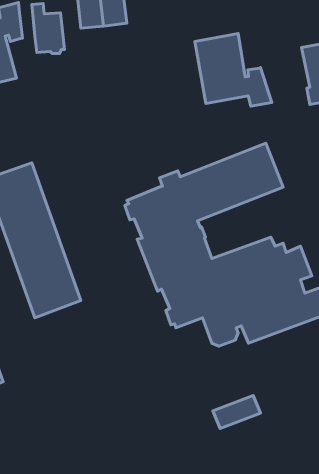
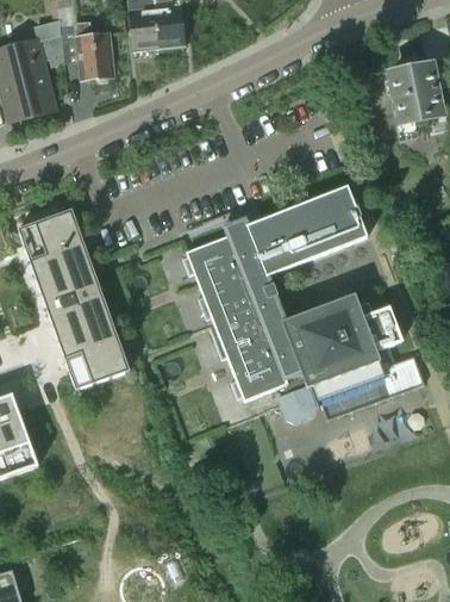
building: [195,34,272,106] -> none
building: [213,395,260,429] -> none

